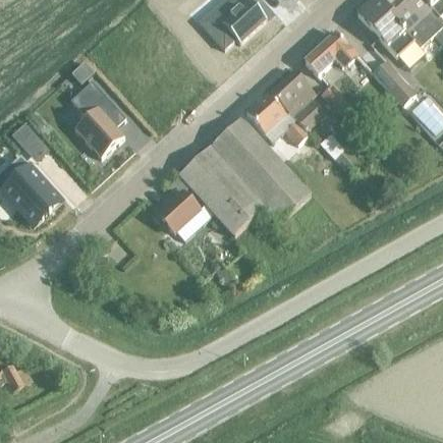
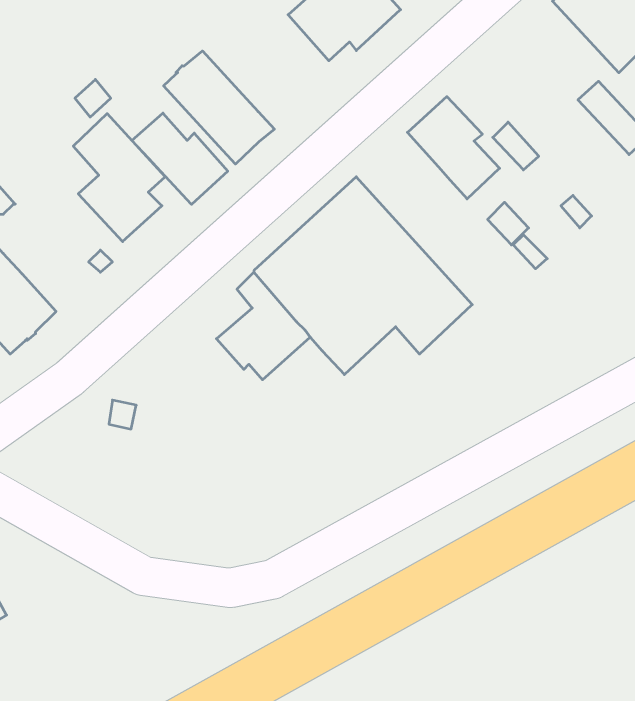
building: [304,32,353,73] -> none
building: none -> [164,51,274,164]
building: none -> [132,113,228,204]
building: [244,94,309,145] -> none

